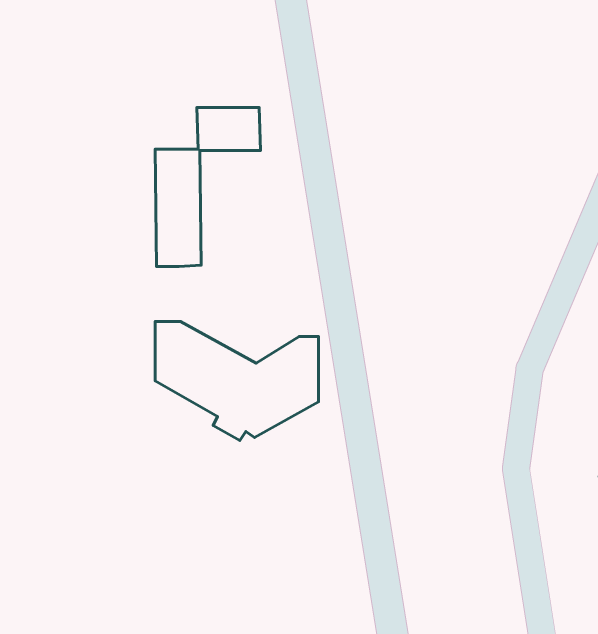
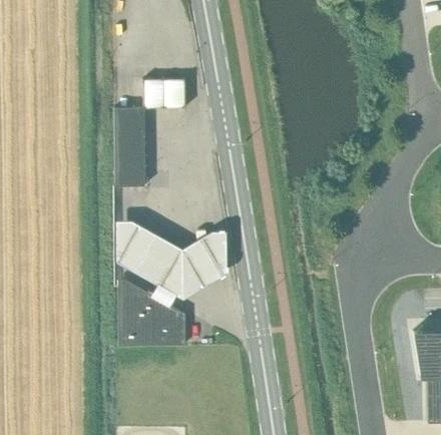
building: none -> [119,280,186,343]

